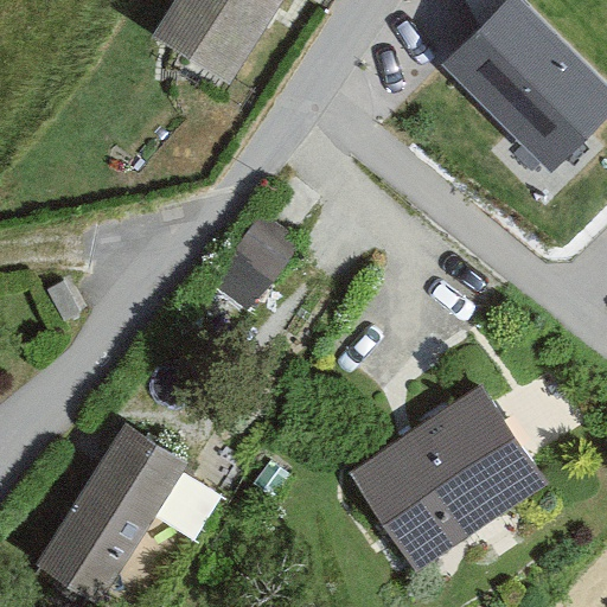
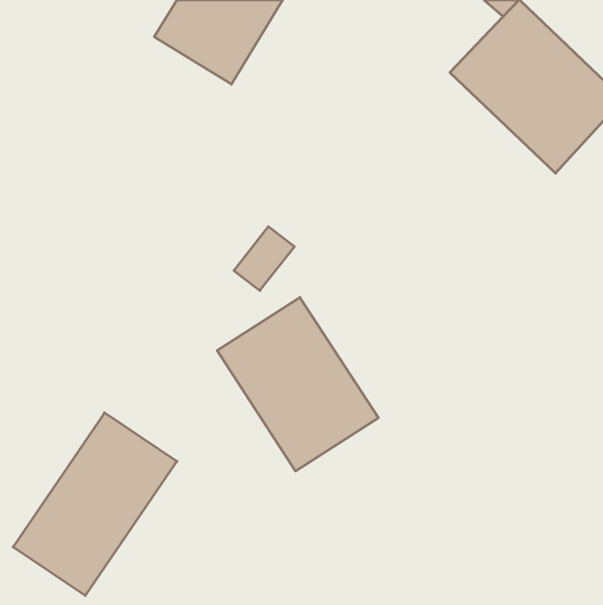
building: none -> [217,297,378,471]
building: [351,388,542,569] -> none

